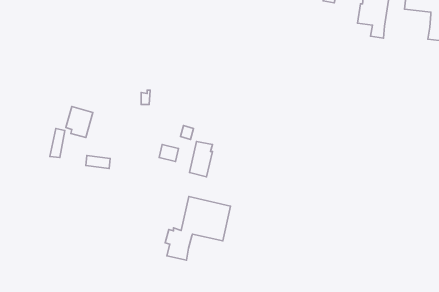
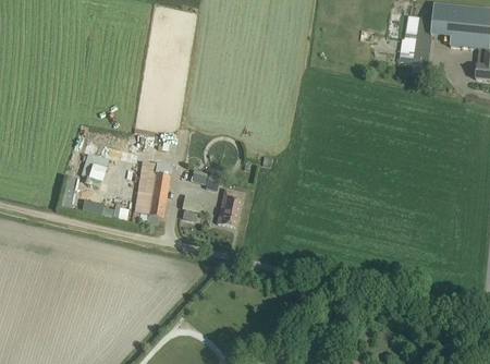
building: none -> [132,162,168,218]
building: [165,197,231,260] -> none

